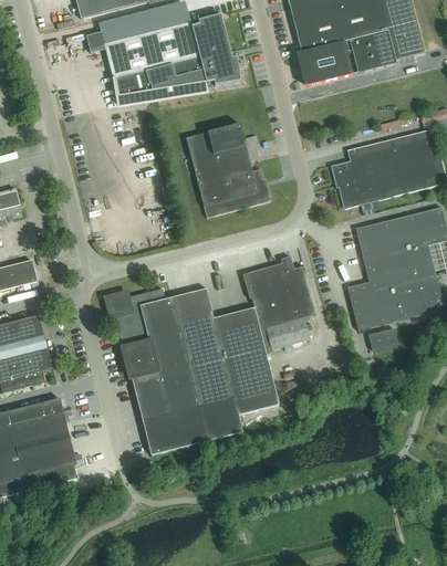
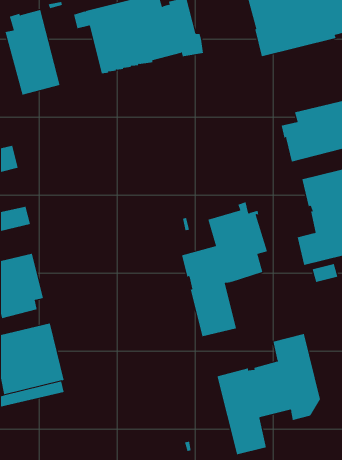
building: none -> [5,9,60,95]
building: [186,123,271,217] -> none
building: [110,287,242,454] -> none
building: none -> [217,333,321,455]

